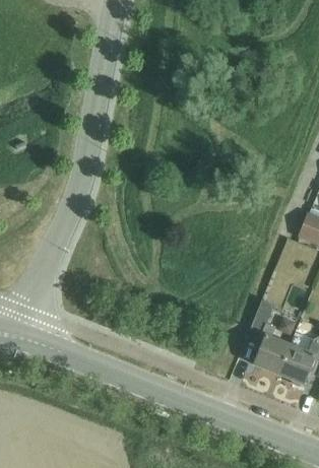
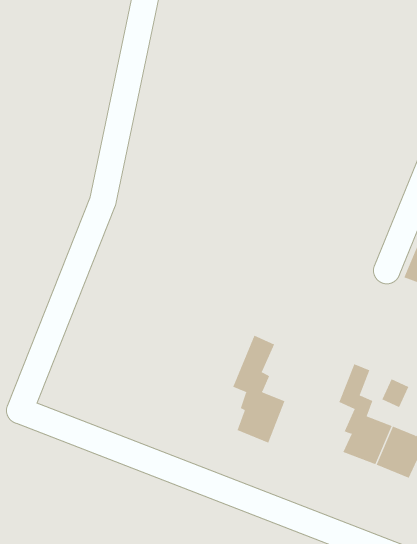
building: none -> [233,335,285,443]

